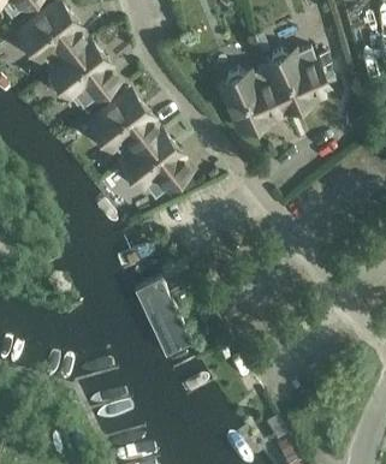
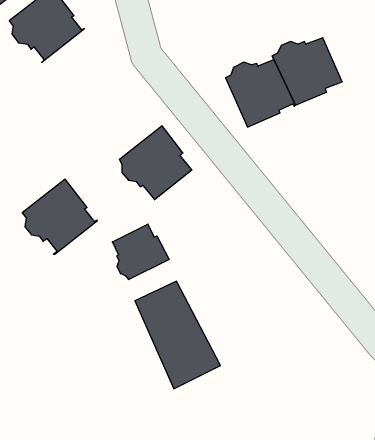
building: [49,38,118,106] -> none
building: [91,90,161,160] -> [22,179,97,254]
building: none -> [112,224,169,280]

